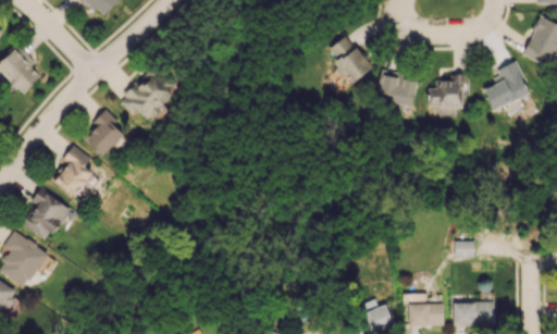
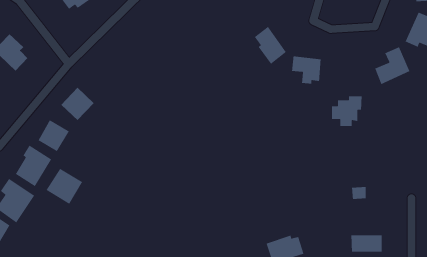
building: [122,72,175,120] -> none
building: [429,75,469,115] -> [331,95,363,127]
building: none -> [46,168,83,205]
building: [409,304,444,326] -> none

